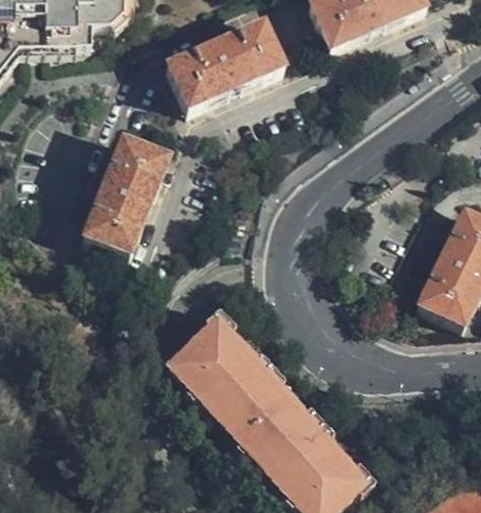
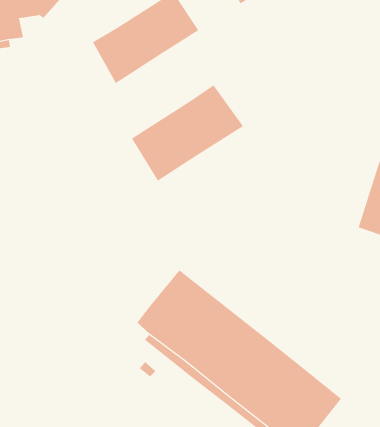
building: none -> [131,85,244,181]
building: [85,137,170,250] -> none

